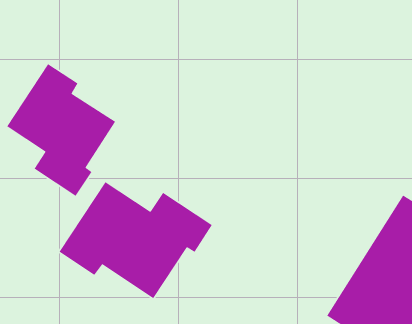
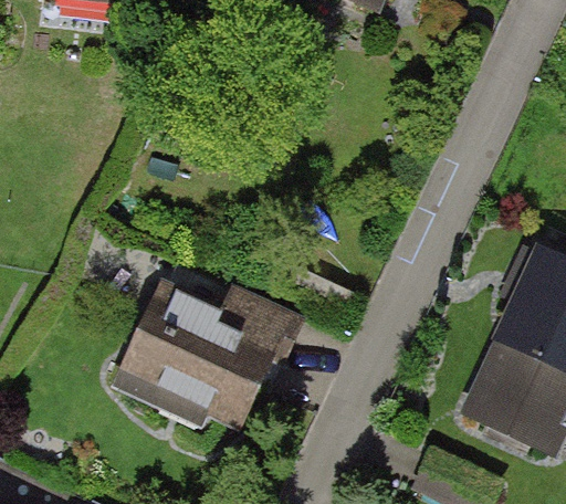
building: [6,63,116,197] -> none

